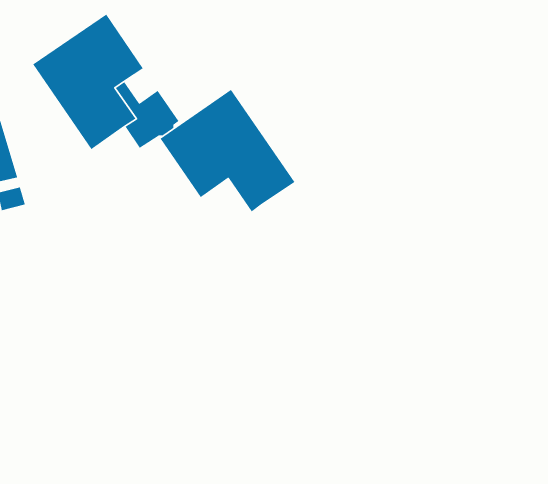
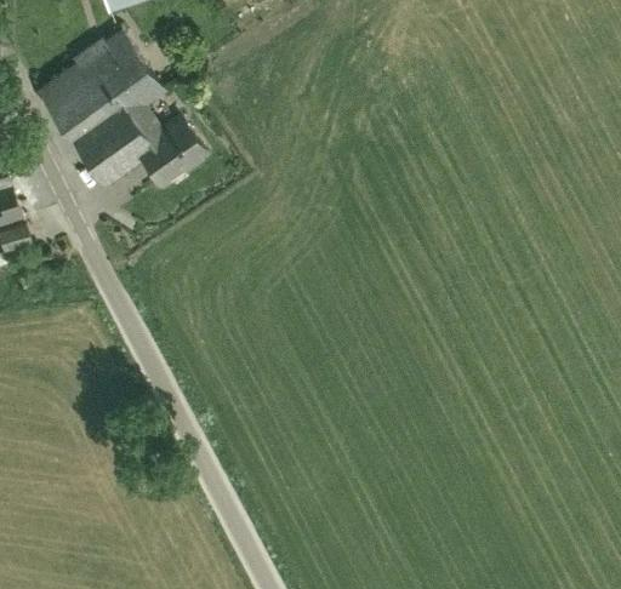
building: [160,89,296,212] -> none

